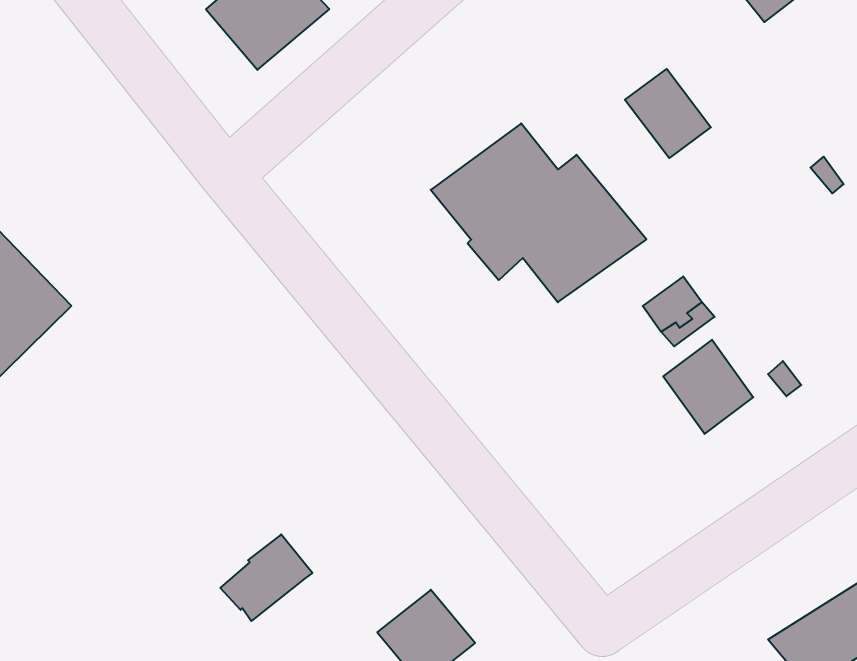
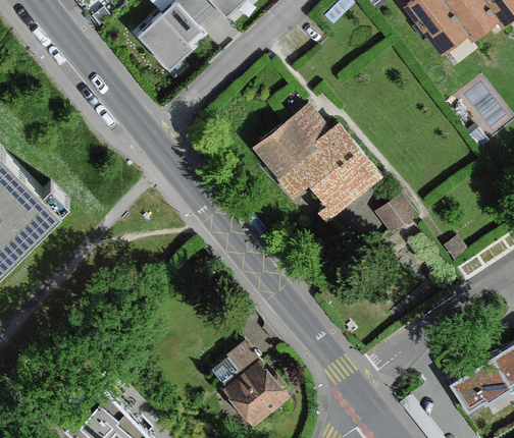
building: [625,69,711,158] -> none
building: [663,340,753,434] -> none
building: [220,534,312,621] -> [212,339,263,387]

